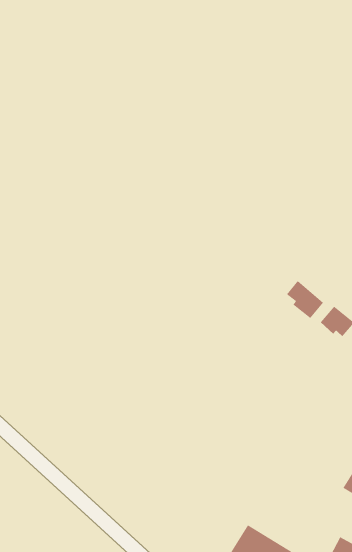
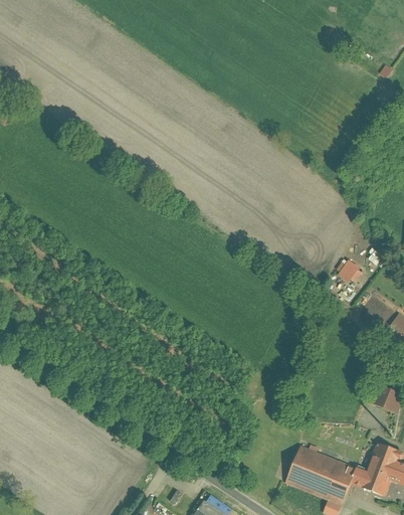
building: [286,280,324,319] -> none

